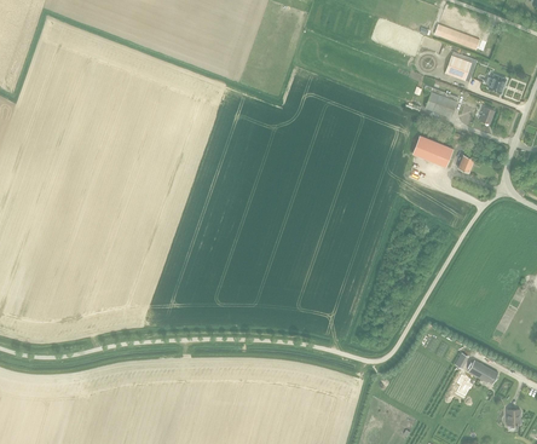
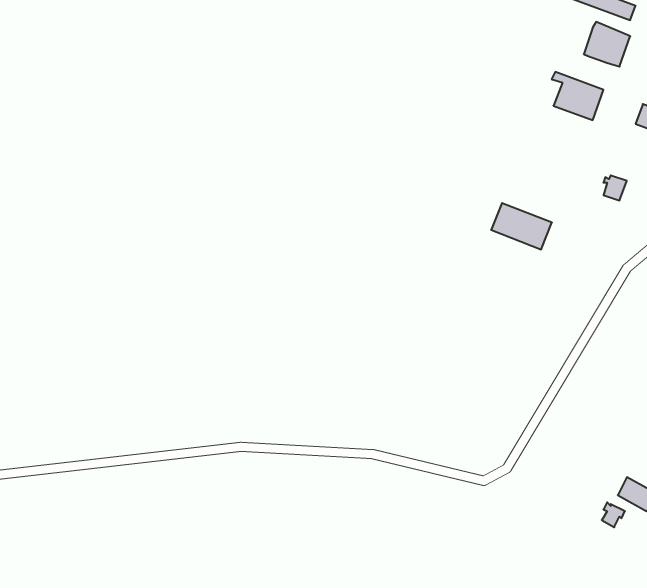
building: [411,135,452,167] -> [491,203,552,249]

